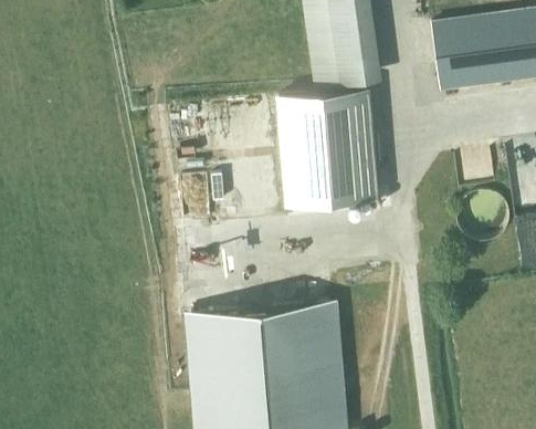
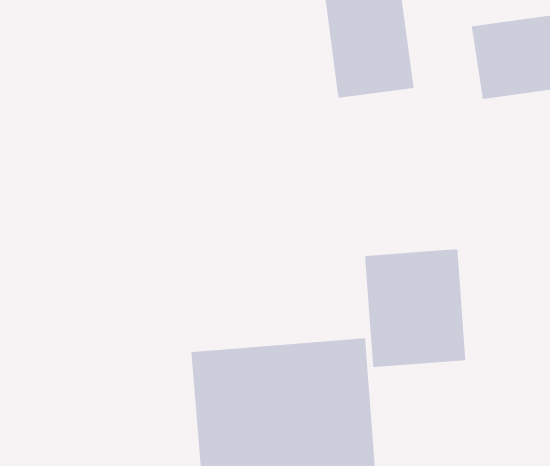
building: [278,92,375,205] -> none
building: none -> [364,248,466,368]

